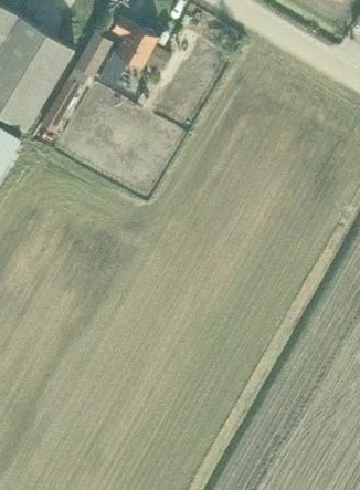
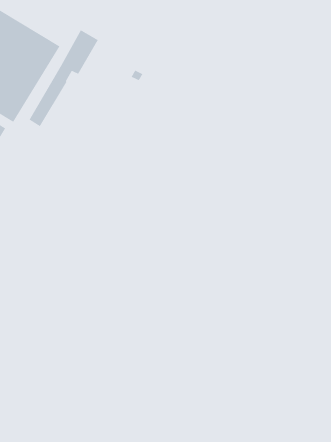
building: [97,18,158,88] -> none

